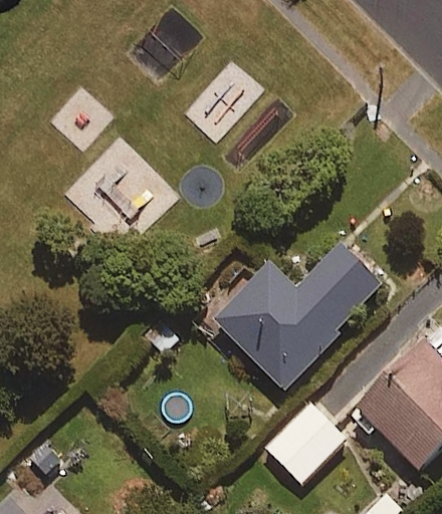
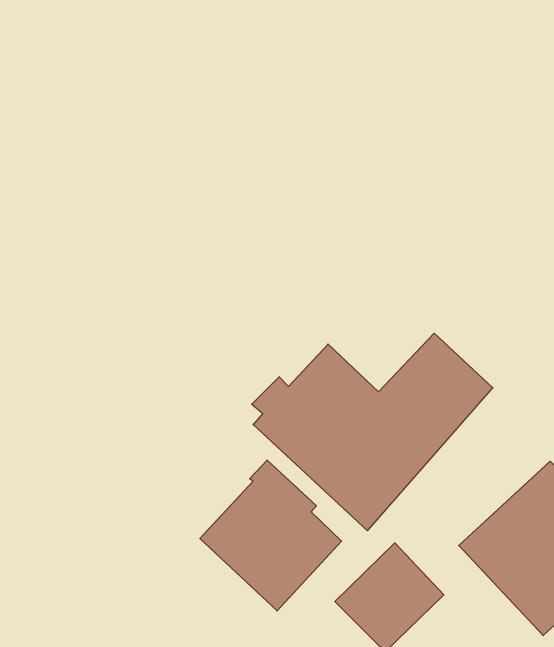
building: none -> [200,460,342,611]

